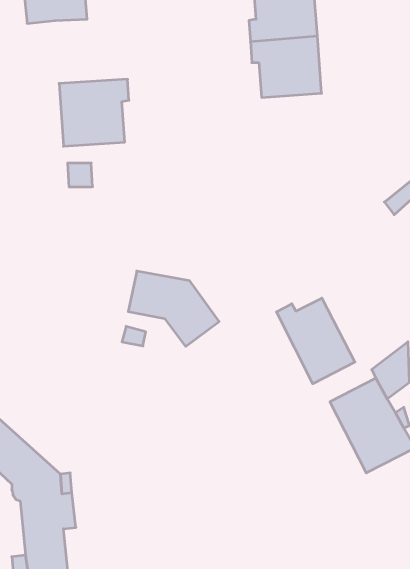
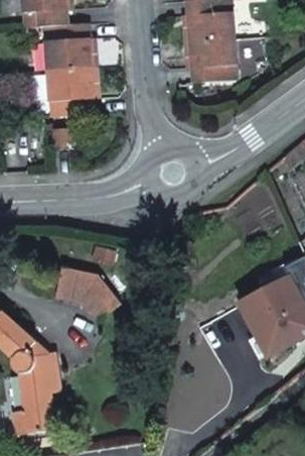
building: none -> [45,24,98,73]
building: [128,271,219,346] -> [55,268,121,323]
building: [276,298,355,384] -> none

